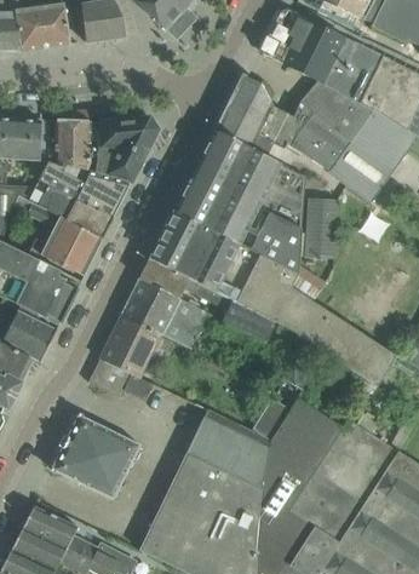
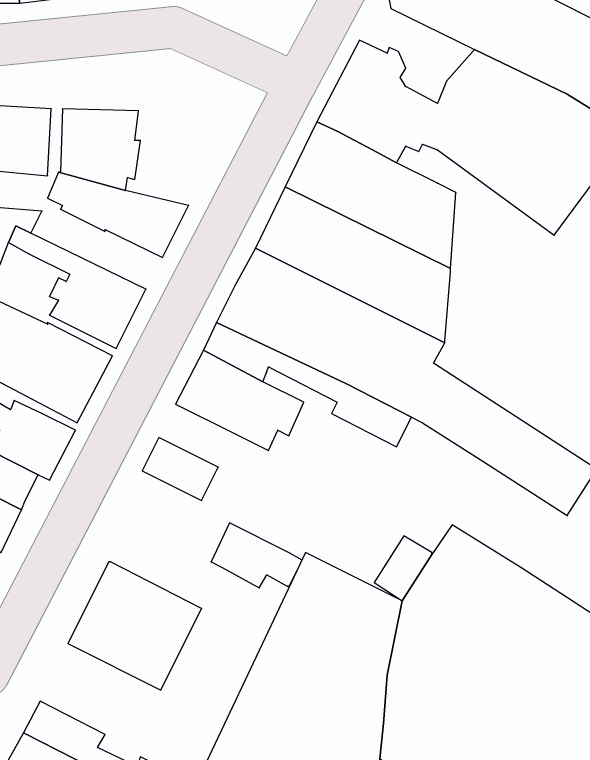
building: [90,117,157,184] -> none
building: [28,179,114,239] -> none
building: [305,199,337,258] -> none
building: [111,314,161,355] -> none
building: [88,357,148,400] -> [211,523,302,588]

